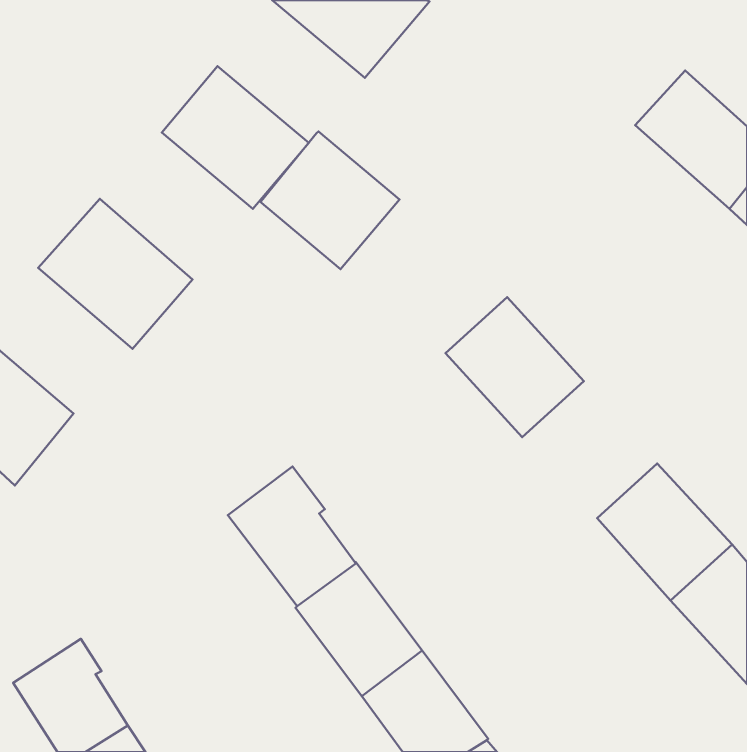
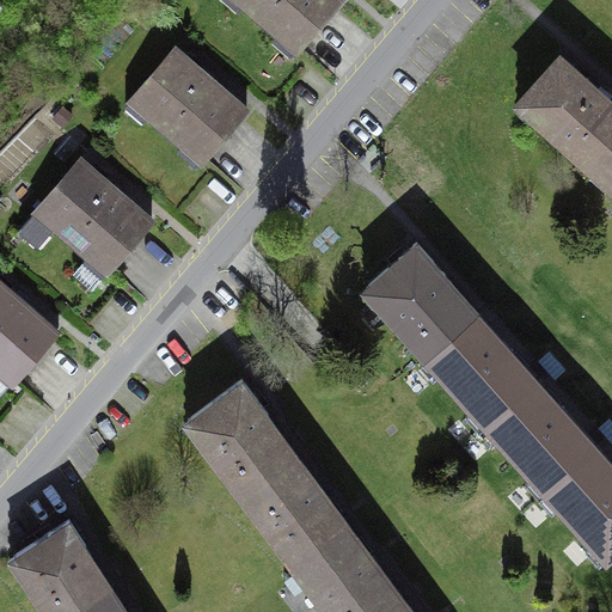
building: [259,131,399,269] -> none
building: none -> [424,310,534,421]

